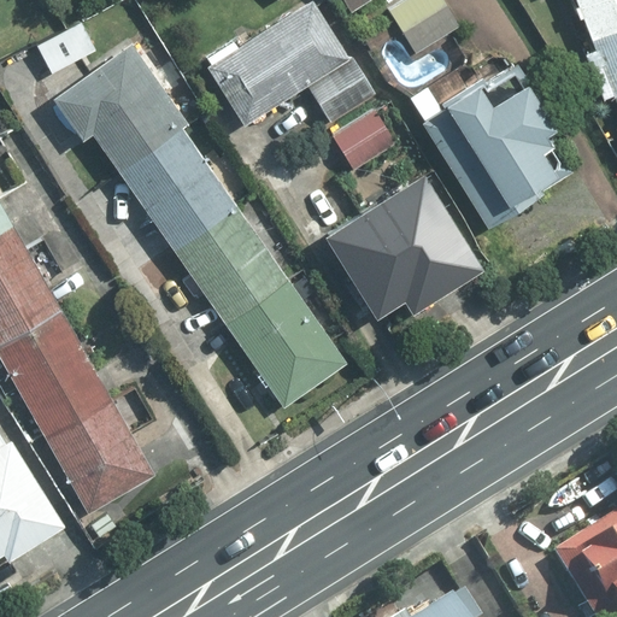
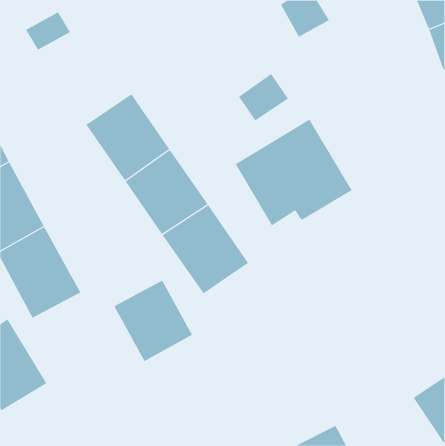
building: [211,8,365,129] -> none
building: [53,43,189,172] -> none
building: [424,63,570,224] -> none
building: [45,404,154,517] -> [114,280,193,362]

